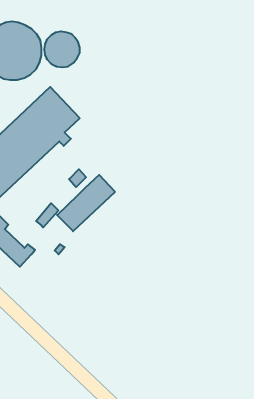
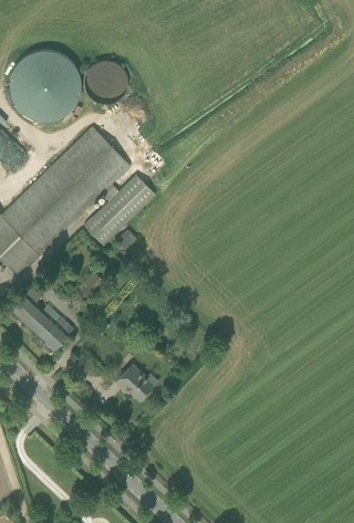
building: [57,175,115,231] -> [83,176,155,245]
building: none -> [115,366,154,401]

